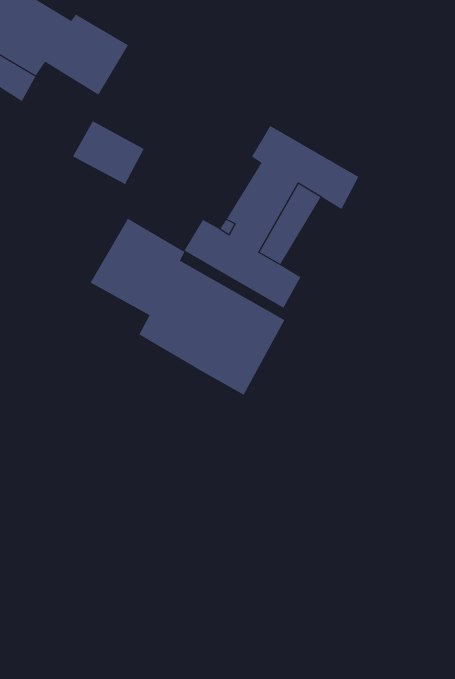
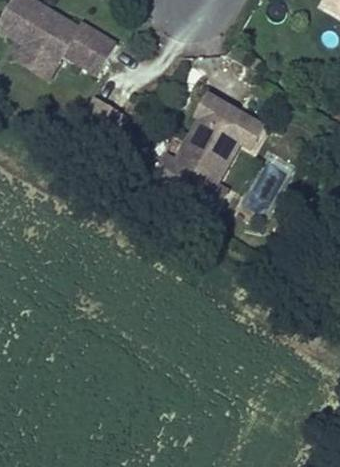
building: [90,218,285,396] -> none

